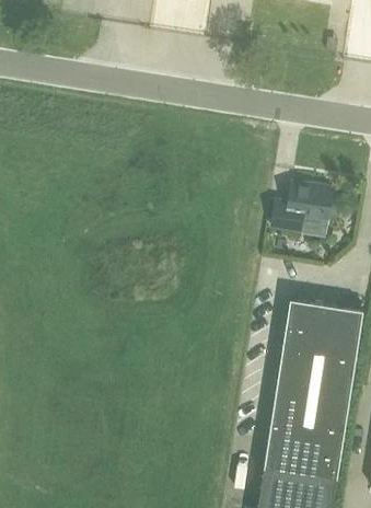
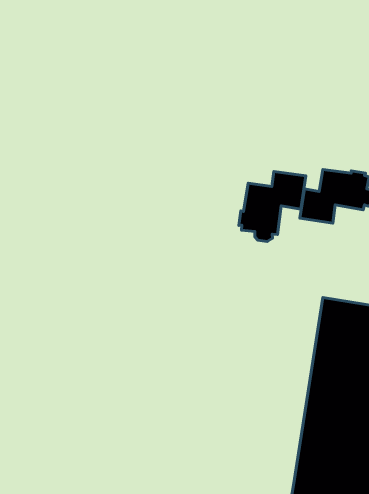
building: none -> [239,172,306,242]

